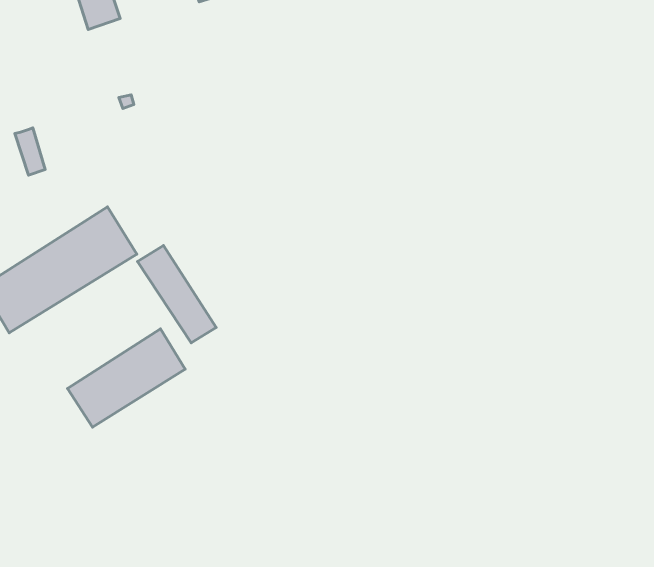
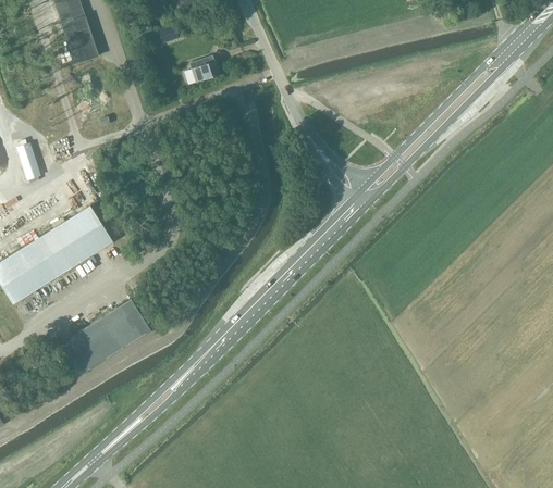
building: none -> [191,57,222,84]
building: [137,245,216,343] -> none

